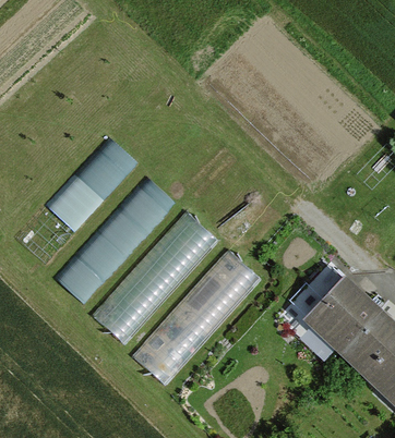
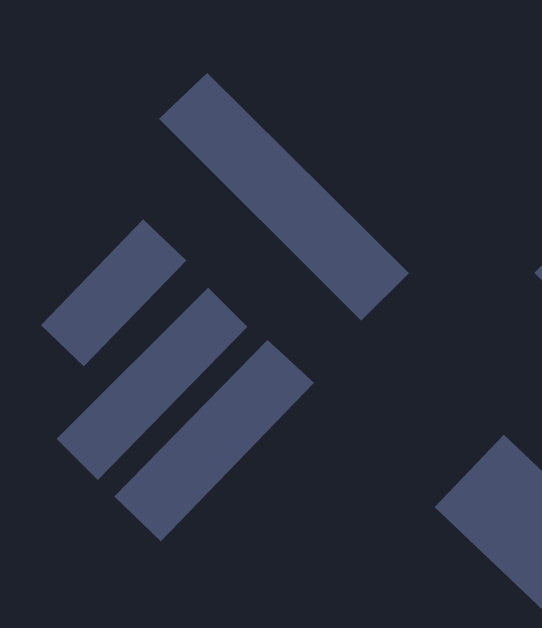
building: none -> [158,72,410,322]
building: [134,250,264,382] -> none

